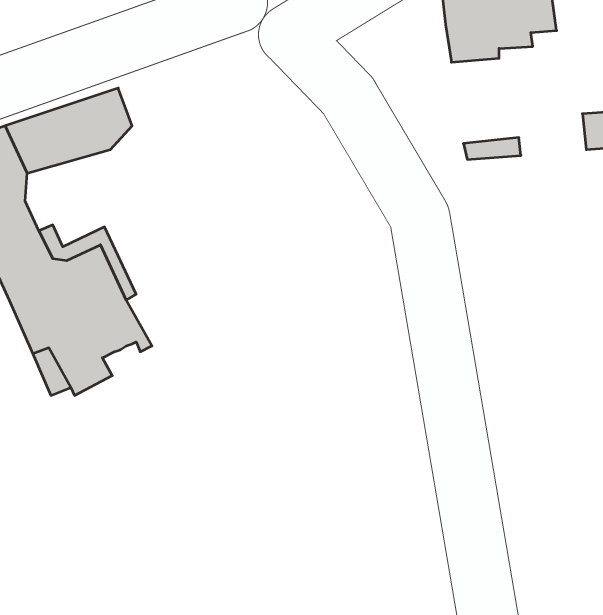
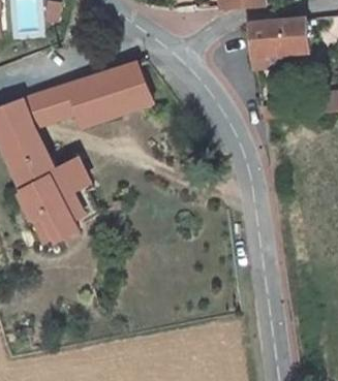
building: none -> [75,64,152,127]

